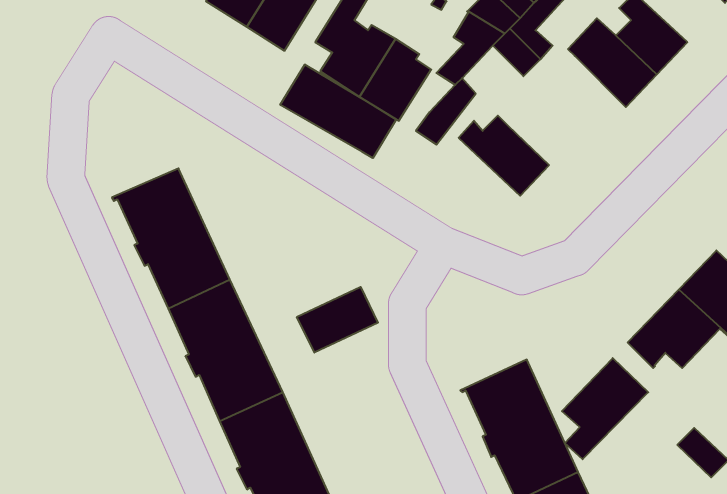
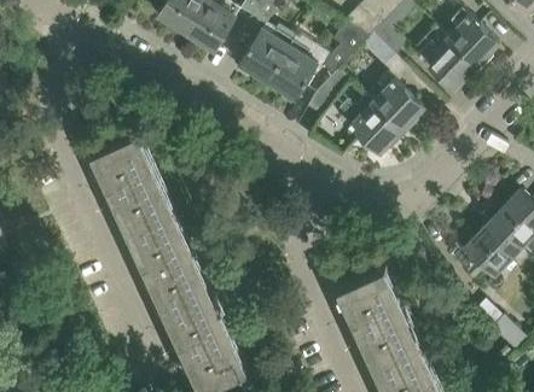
building: [280,64,396,158] -> none
building: none -> [371,71,423,130]
building: [297,287,378,353] -> none
building: [562,358,648,459] -> none

